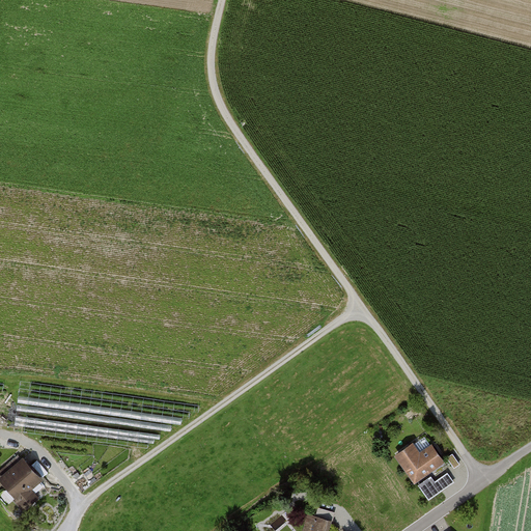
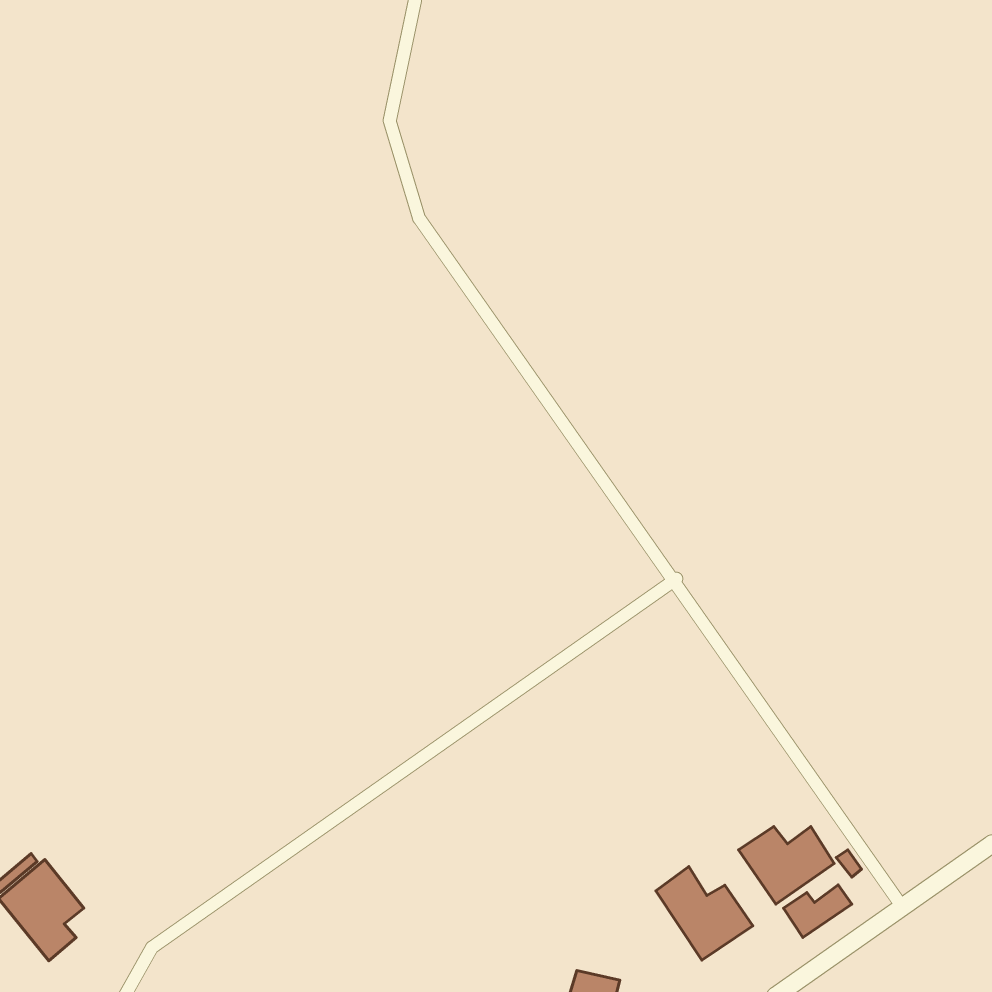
building: none -> [656,867,753,960]

